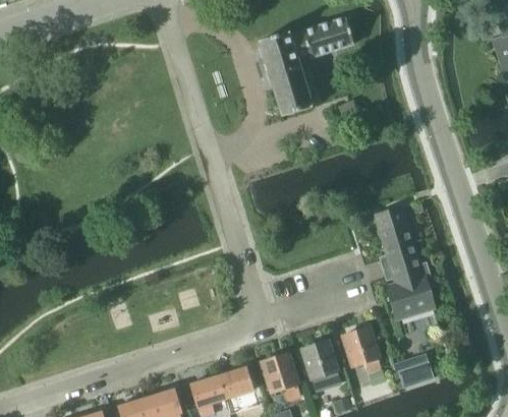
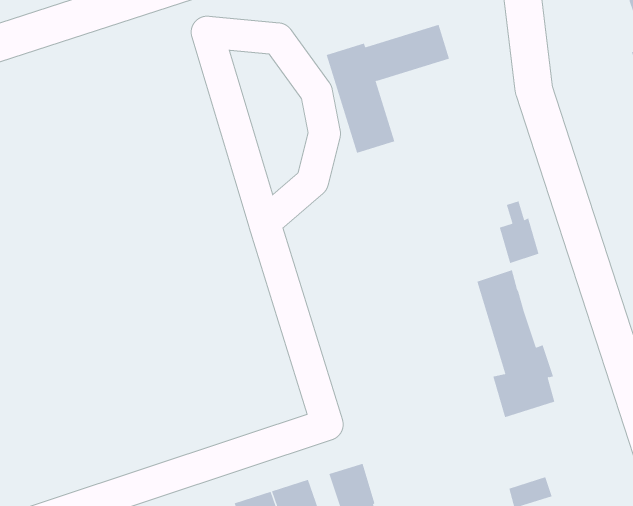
building: none -> [499,200,539,264]
building: [343,327,381,375] -> none
building: [302,341,338,379] -> none

